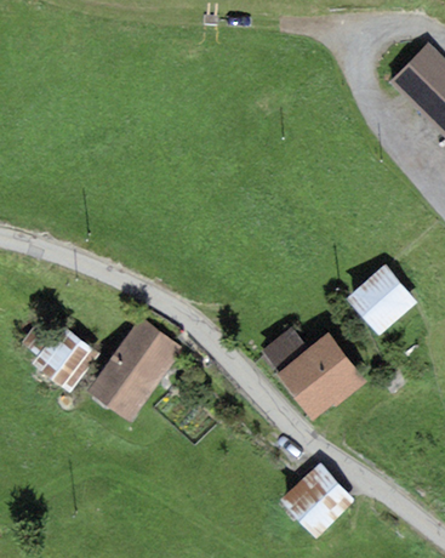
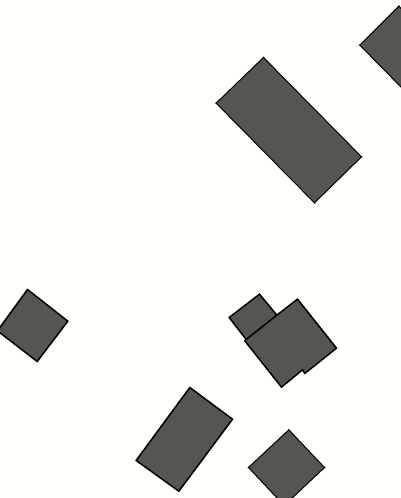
building: none -> [216,57,362,203]
building: [346,264,417,336] -> none
building: [87,318,183,421] -> [136,387,233,491]

